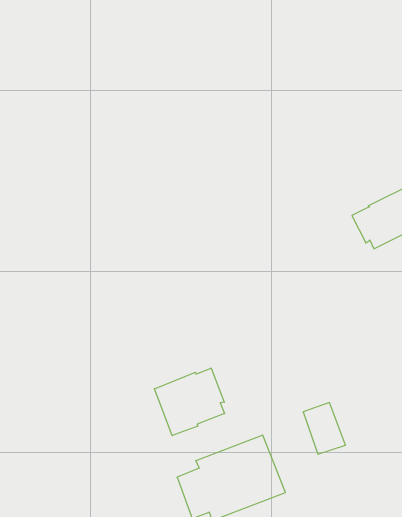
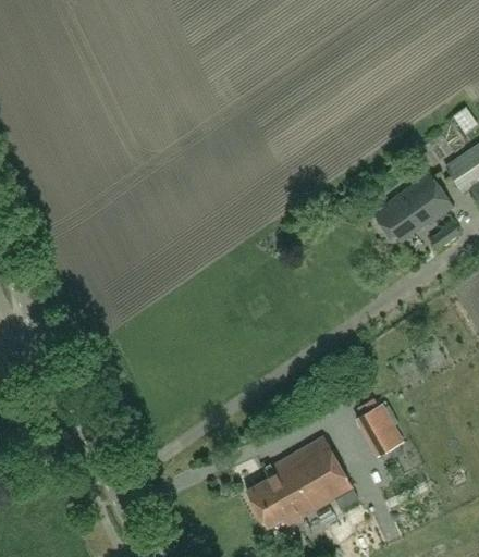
building: [154,368,224,436] -> none

